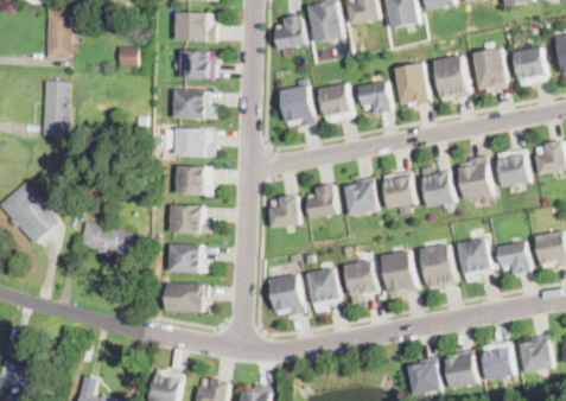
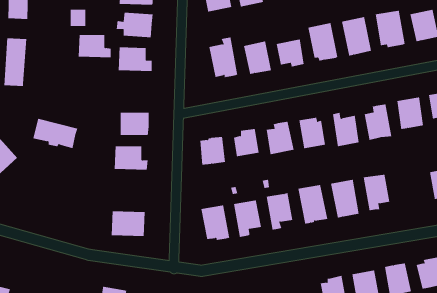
building: [173,128,212,155] -> [78,34,111,58]
building: [78,221,132,256] -> [32,118,78,149]
building: [497,242,530,274] -> none
building: [168,243,208,272] -> none

